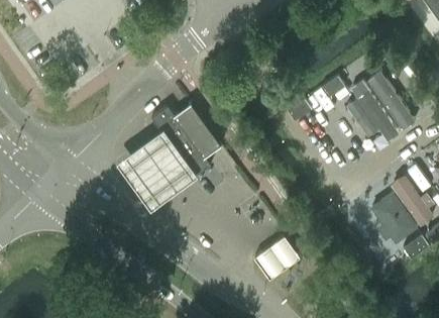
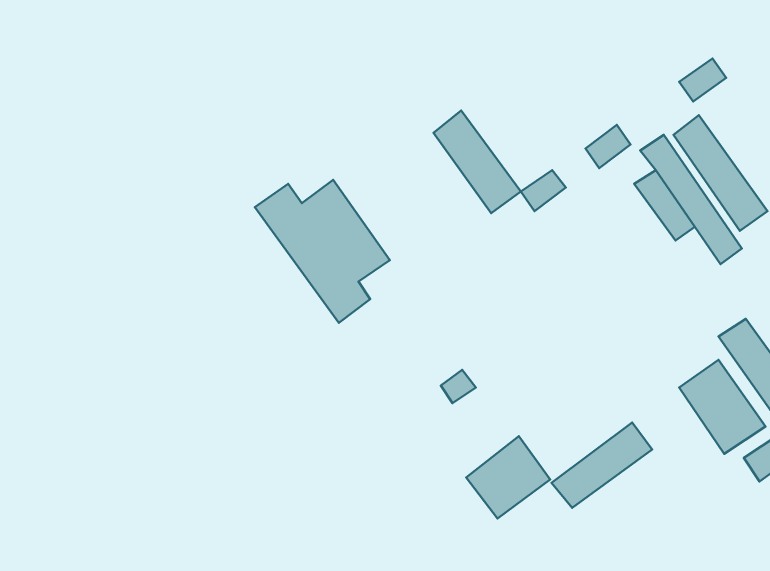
building: none -> [433,110,521,213]
building: [114,131,193,211] -> none
building: none -> [552,423,652,508]

